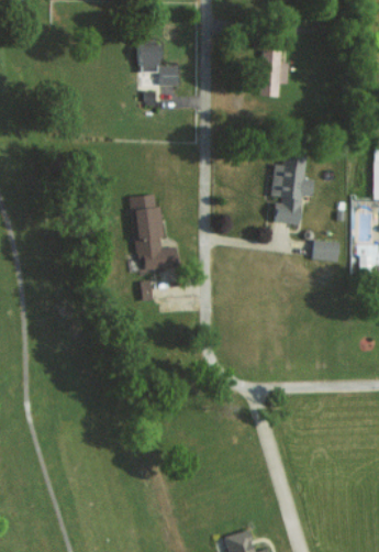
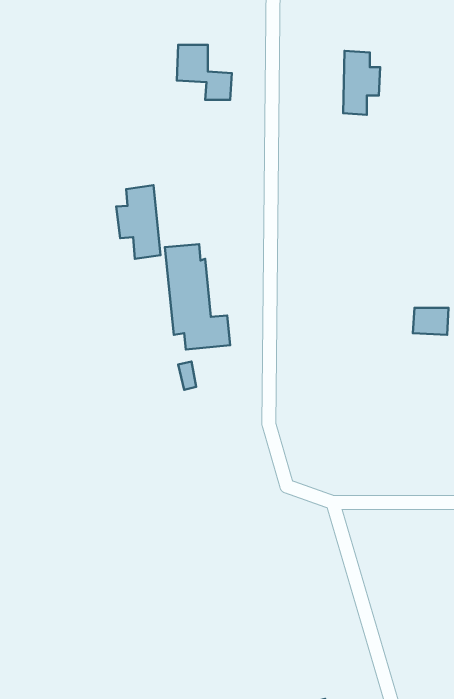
building: none -> [116,185,161,259]
building: [270,156,313,224] -> none

